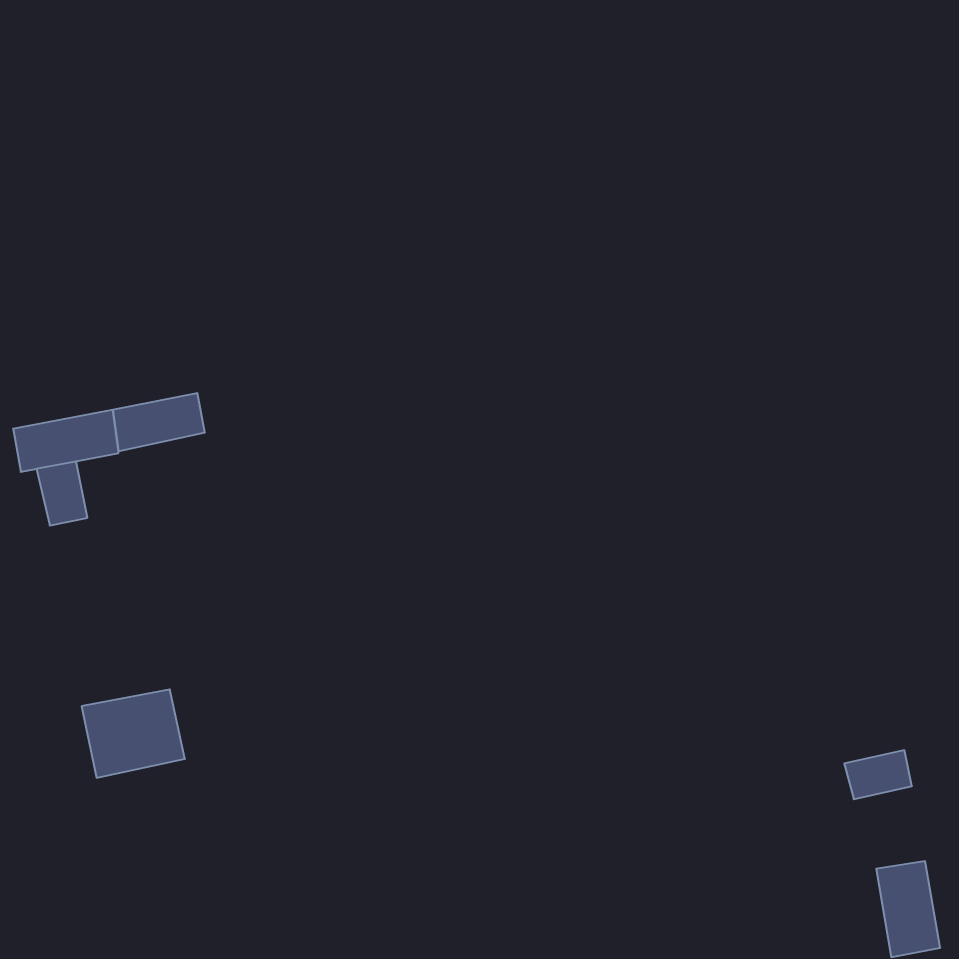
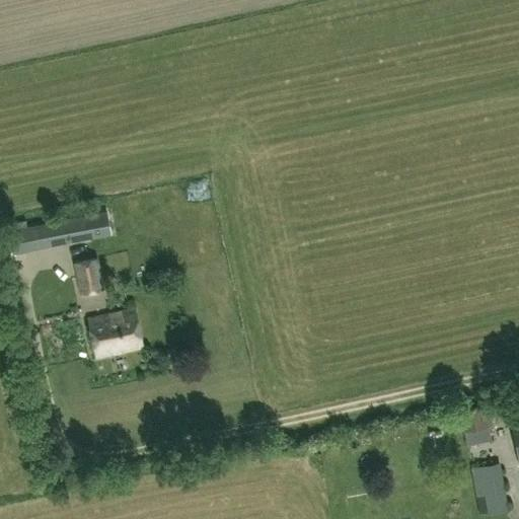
building: [37,461,87,525] -> [75,260,102,294]
building: [82,689,185,778] -> [88,310,144,358]

